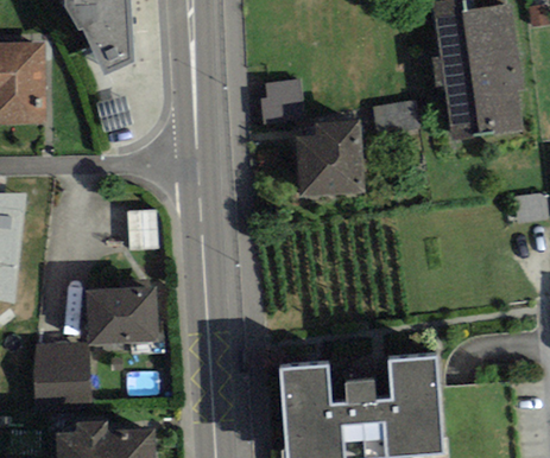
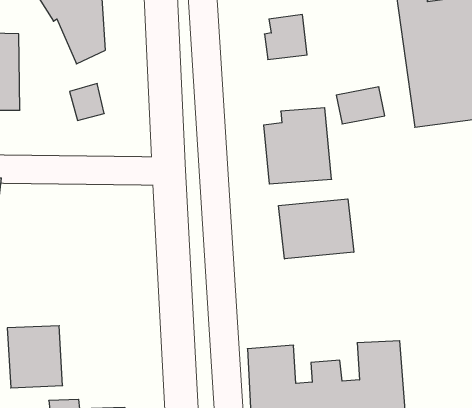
building: [260,79,304,126] -> [264,15,307,59]
building: [127,209,157,249] -> none
building: none -> [279,199,354,259]
building: [86,280,159,344] -> none

